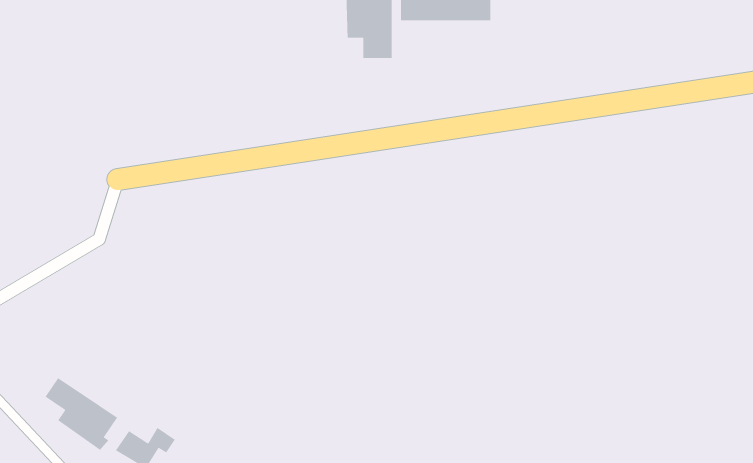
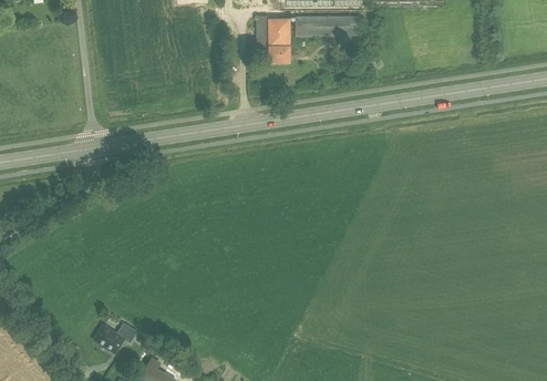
building: [44,377,118,451] -> none

